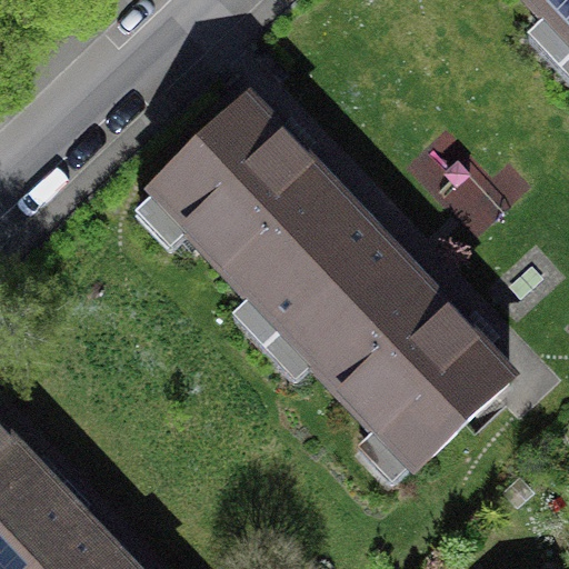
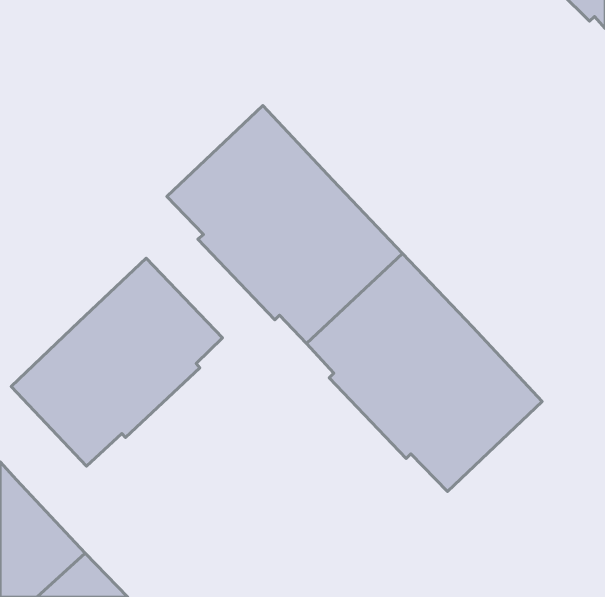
building: none -> [11,258,223,466]

